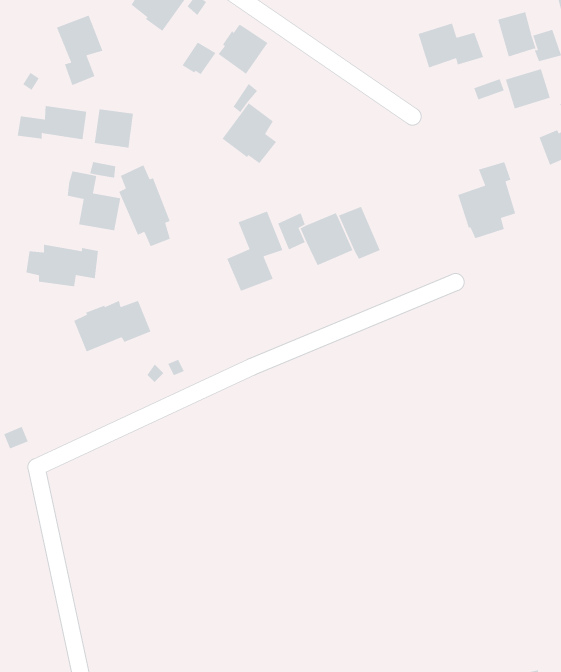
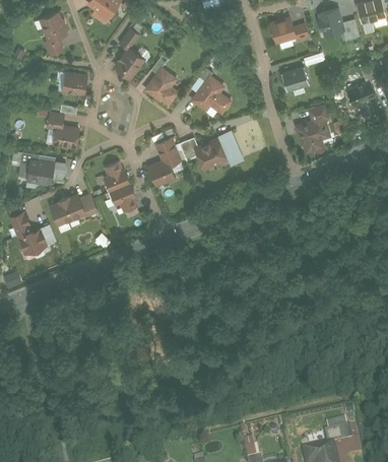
building: [217,24,268,75] -> [113,47,145,79]
building: [505,68,551,109] -> [280,65,310,91]
building: [17,105,87,140] -> none
building: none -> [189,73,232,115]
building: [118,164,171,247] -> [103,159,136,212]
building: none -> [6,204,57,256]

